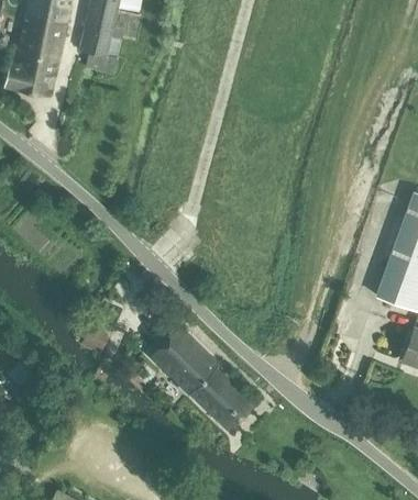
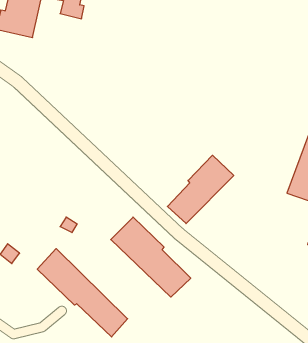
building: none -> [167,155,234,224]
building: none -> [37,249,128,337]

